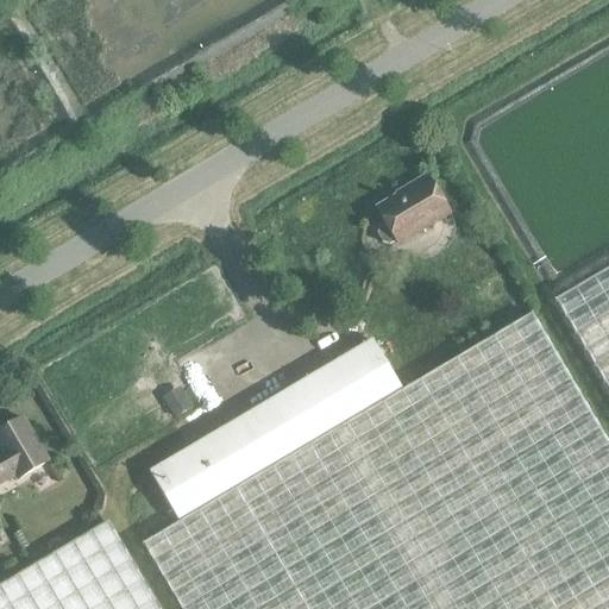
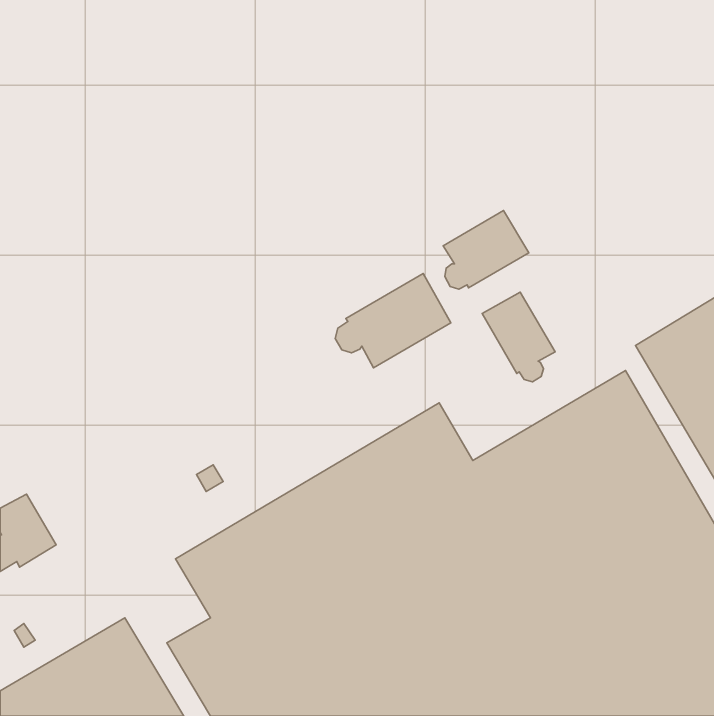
building: none -> [335,274,451,368]
building: none -> [482,292,555,382]

